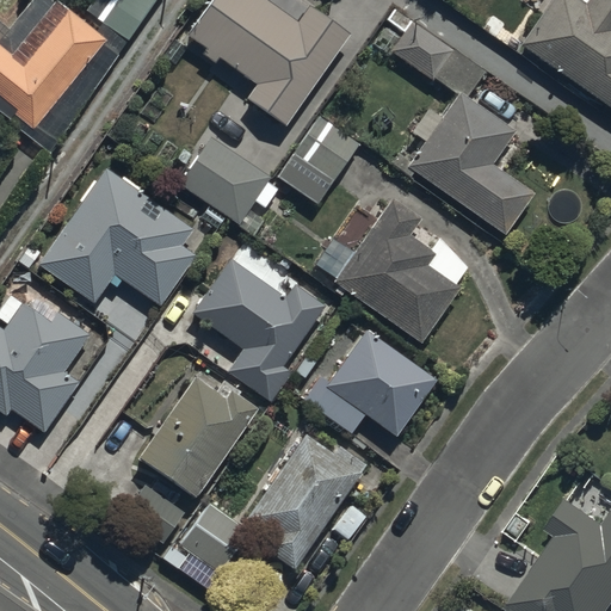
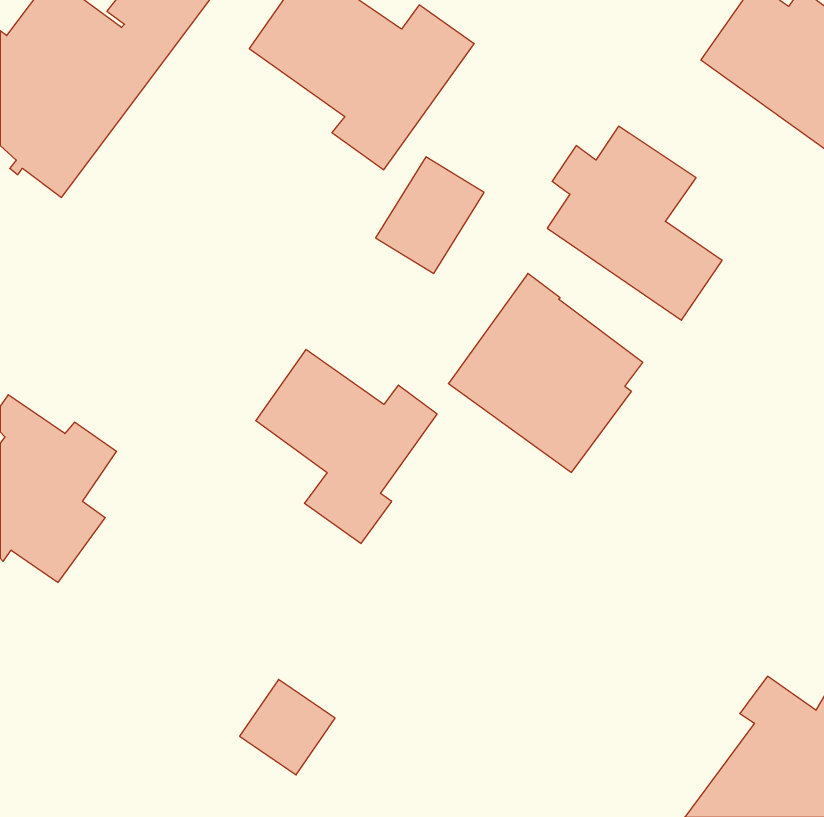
building: [391,19,486,98] -> none
building: [178,136,276,223] -> none
building: [37,167,196,304] -> none
building: [300,331,434,434] -> none
building: [123,376,258,543] -> none
building: [246,434,366,570] -> none

